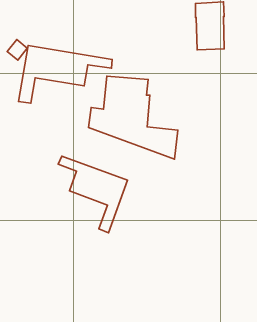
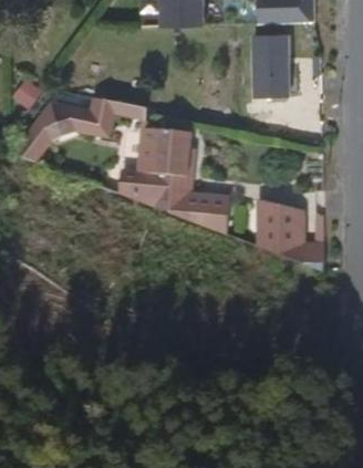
building: none -> [253,201,324,263]
building: [58,156,127,233] -> none

